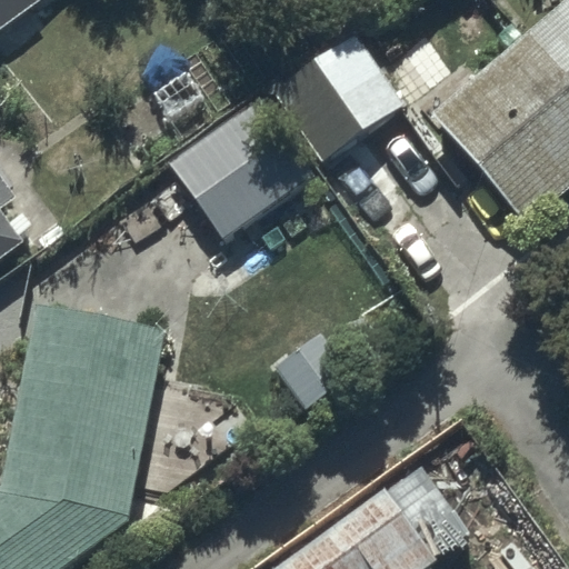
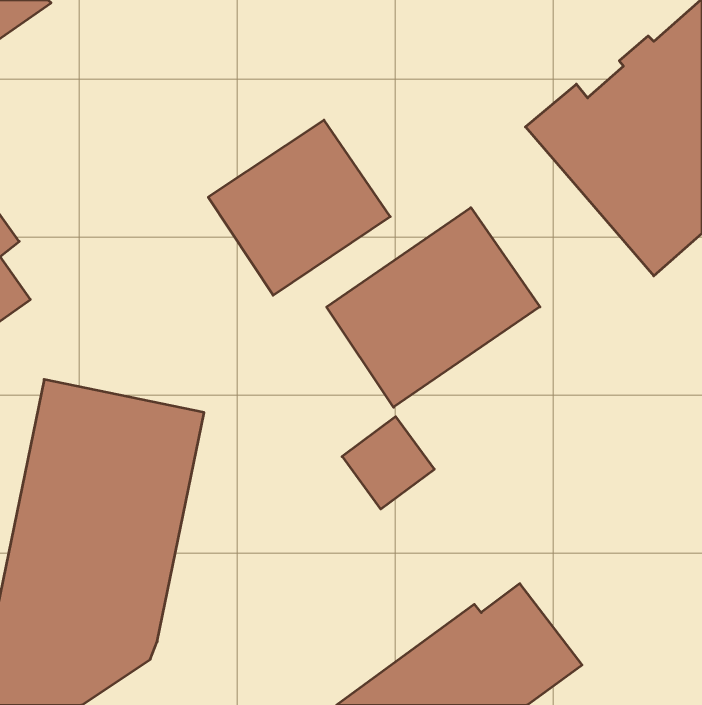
building: [277,36,402,159] -> none
building: none -> [327,208,540,407]

